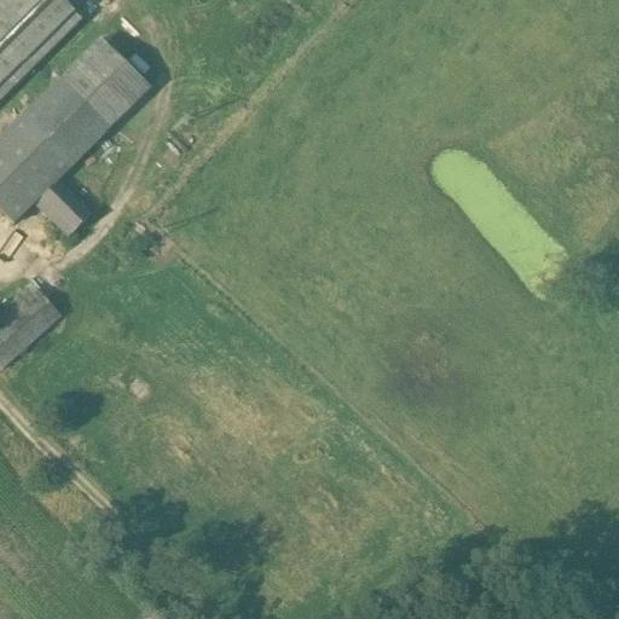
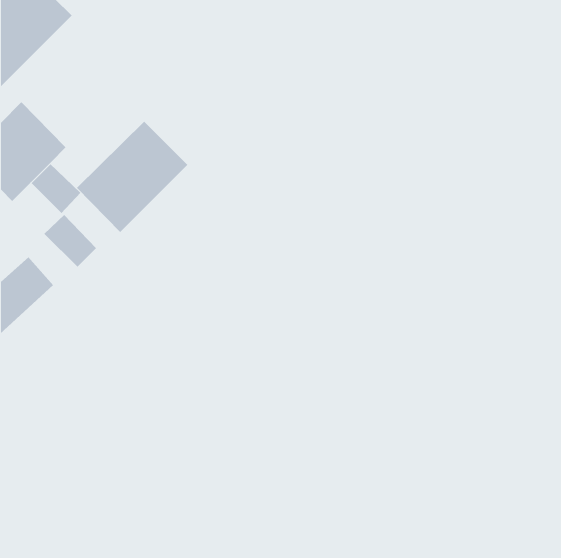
building: [24,39,147,162] -> [76,121,188,233]
building: none -> [43,214,97,268]

